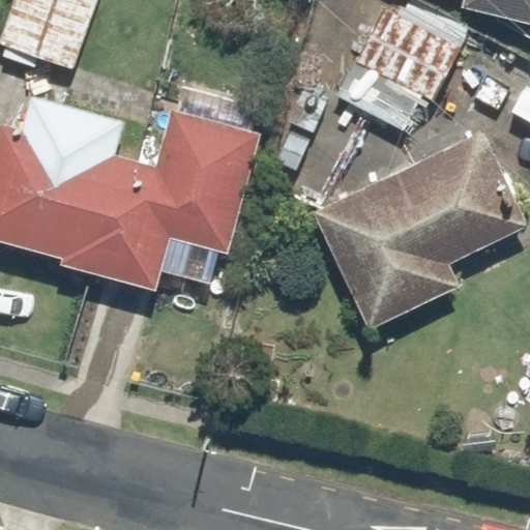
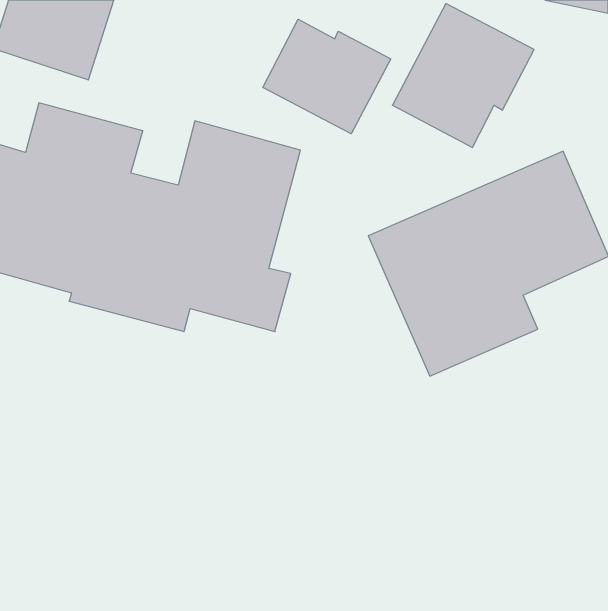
building: none -> [263,19,391,134]

